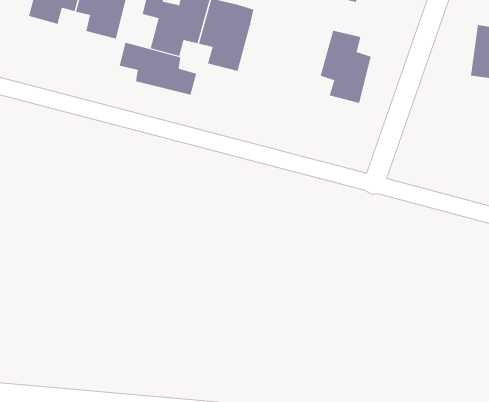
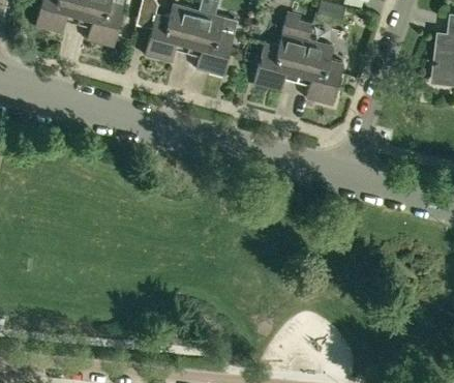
building: none -> [253,16,313,90]
building: [119,42,197,95] -> none

